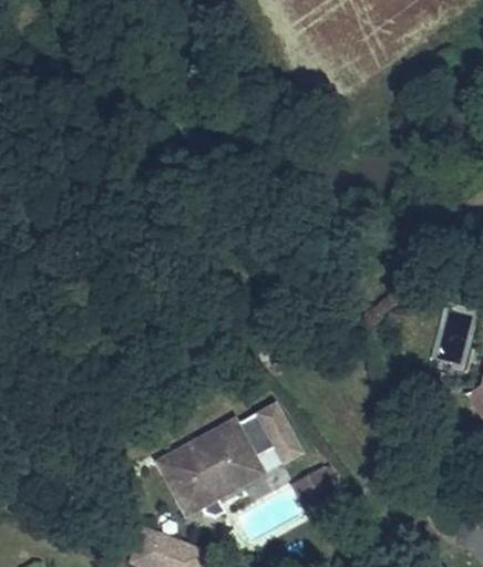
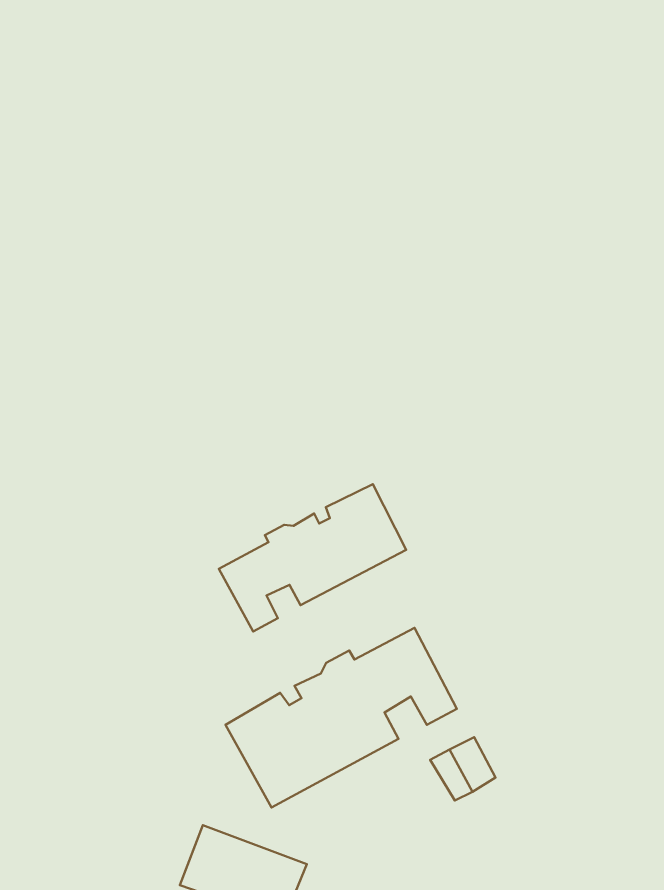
building: none -> [219,484,406,631]

